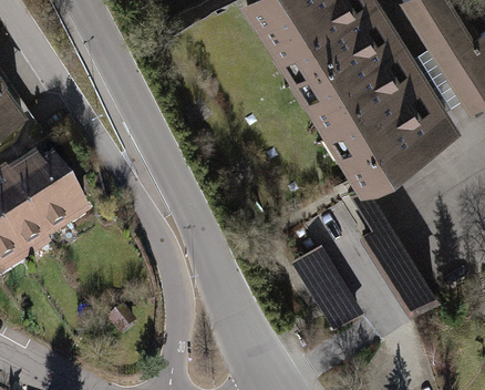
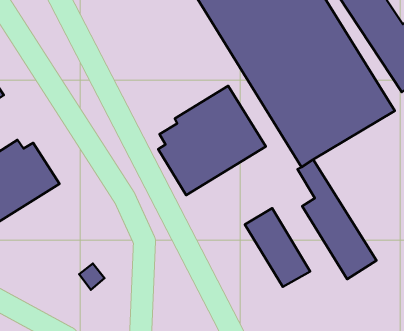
building: none -> [158,86,266,195]

